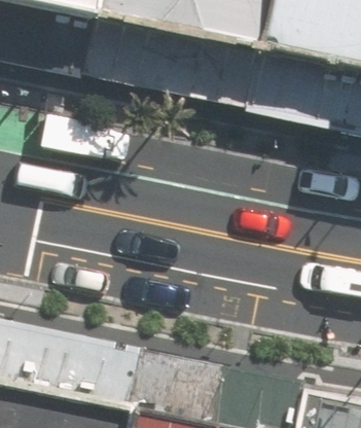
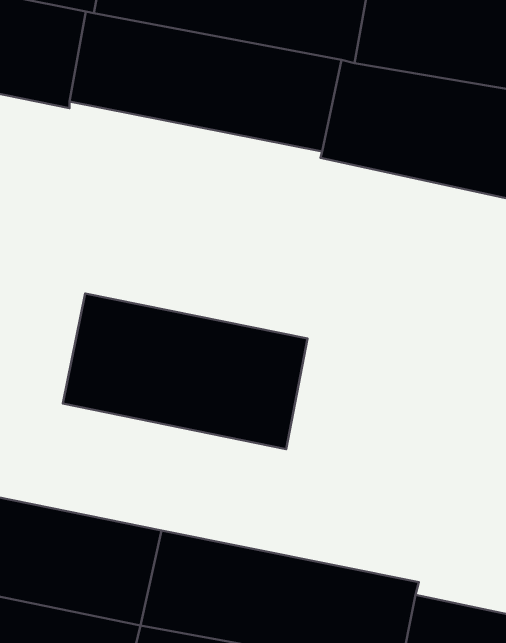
building: none -> [63,294,308,449]

